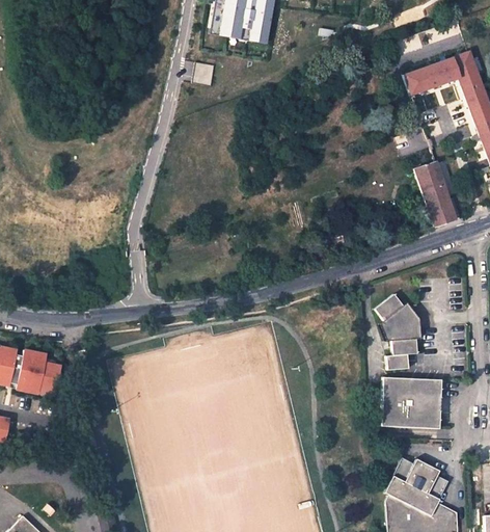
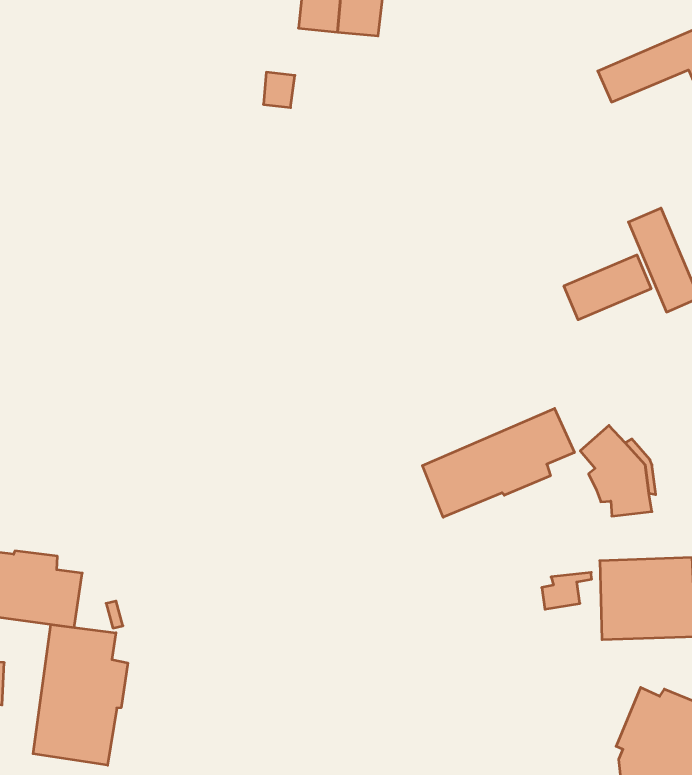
building: none -> [564,255,651,320]
building: none -> [422,408,574,517]
building: [386,349,417,370] -> [542,572,592,609]
building: none -> [33,625,128,765]

